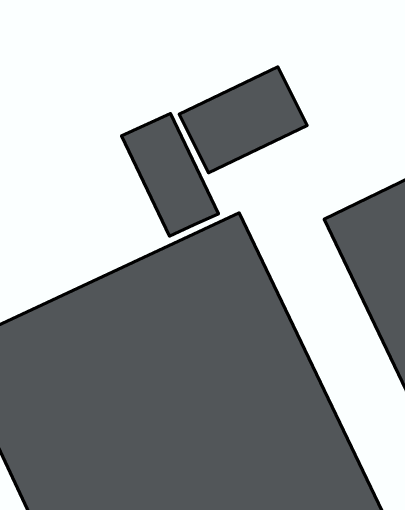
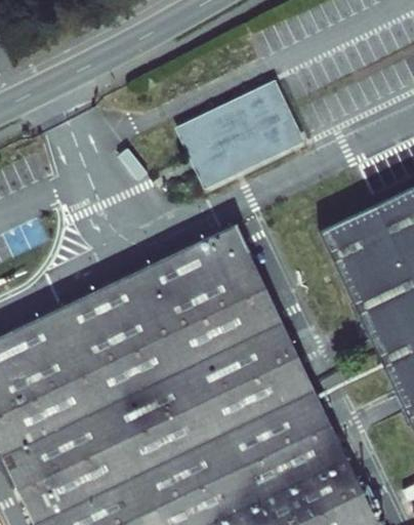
building: [121,114,218,236] -> none

